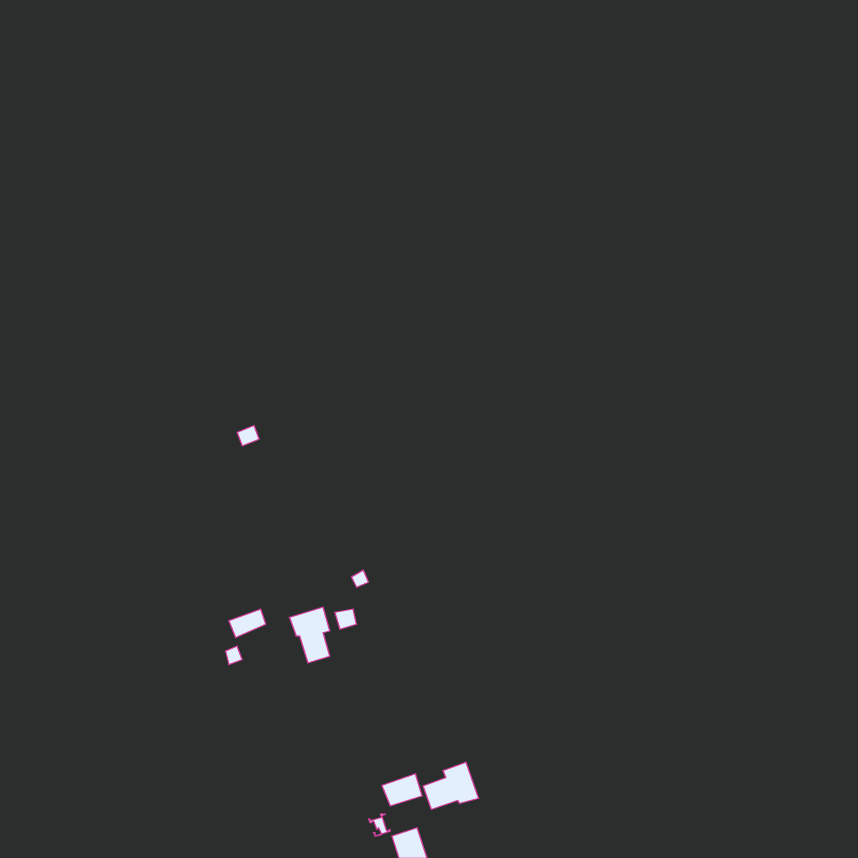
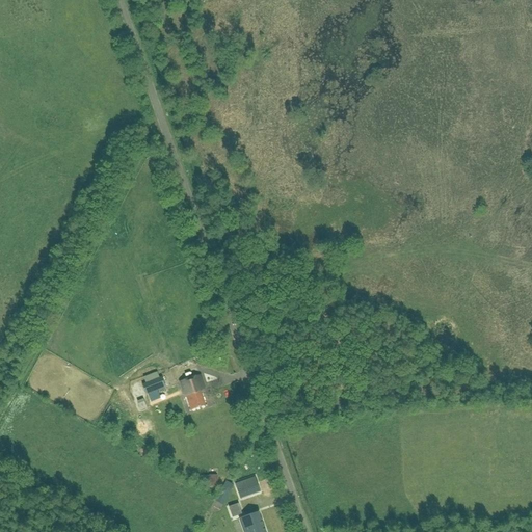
building: [423,762,478,809] -> none

